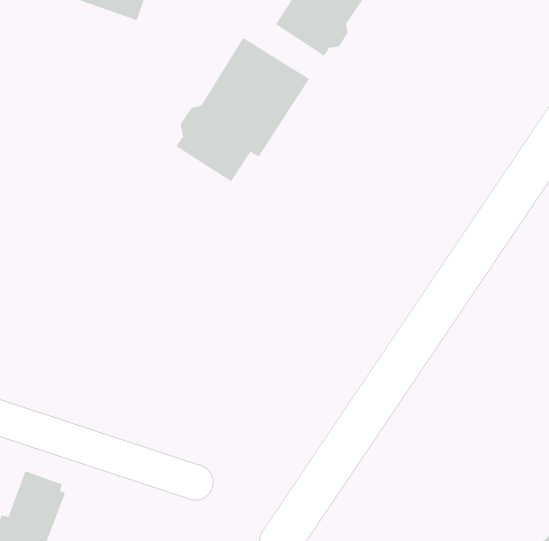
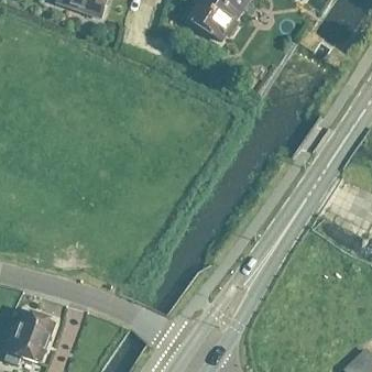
building: [176,37,310,182] -> none

